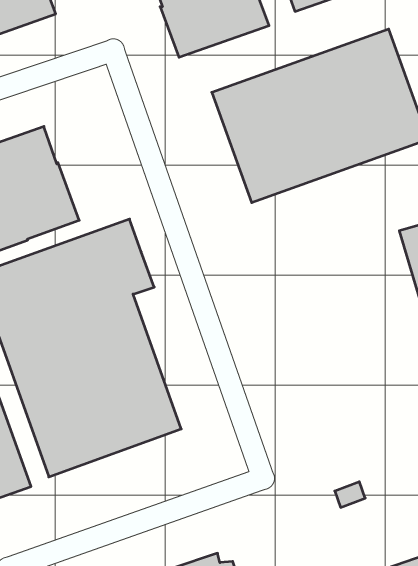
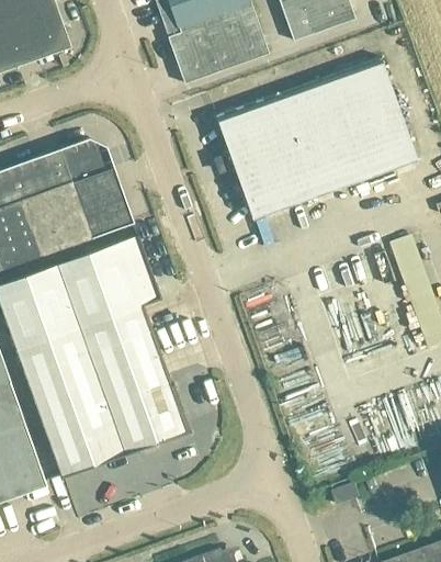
building: none -> [58,138,133,237]

